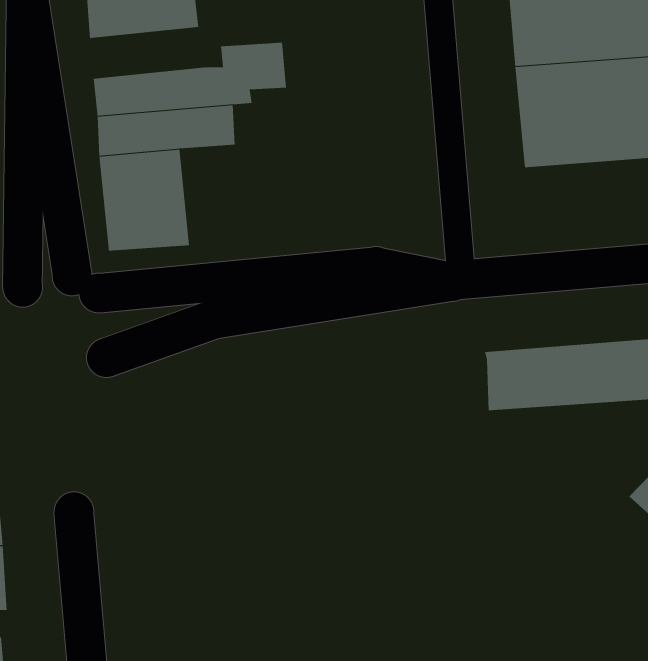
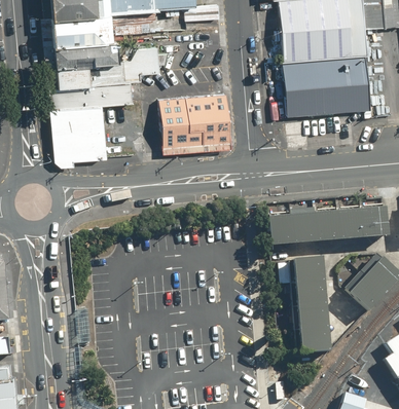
building: none -> [53,38,117,66]
building: none -> [159,94,230,153]
building: none -> [289,259,327,352]

